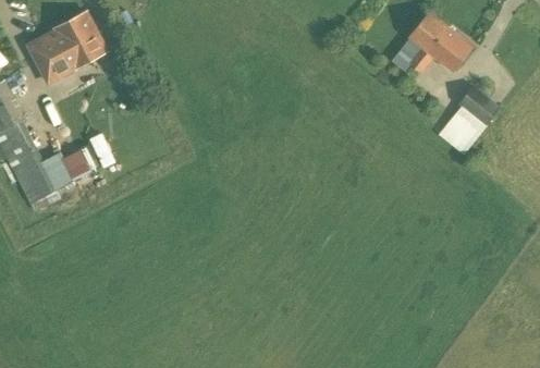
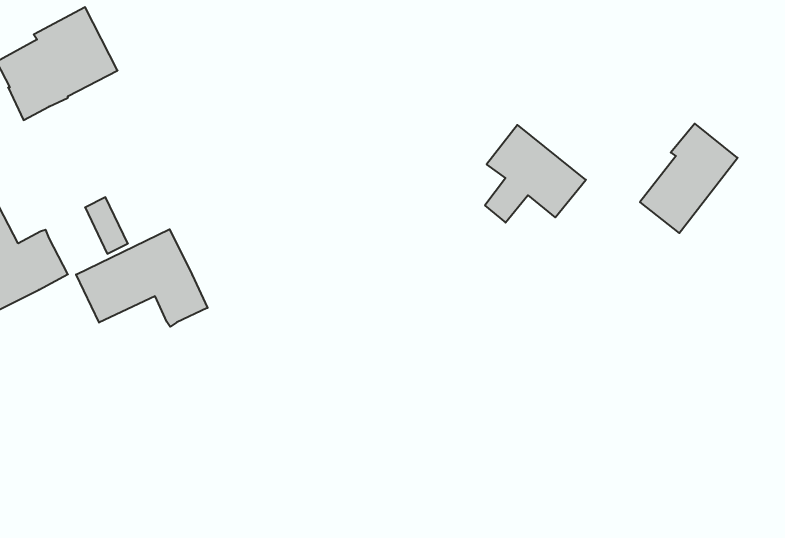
building: [408,12,472,74] -> [485,125,586,223]
building: none -> [76,229,208,327]

